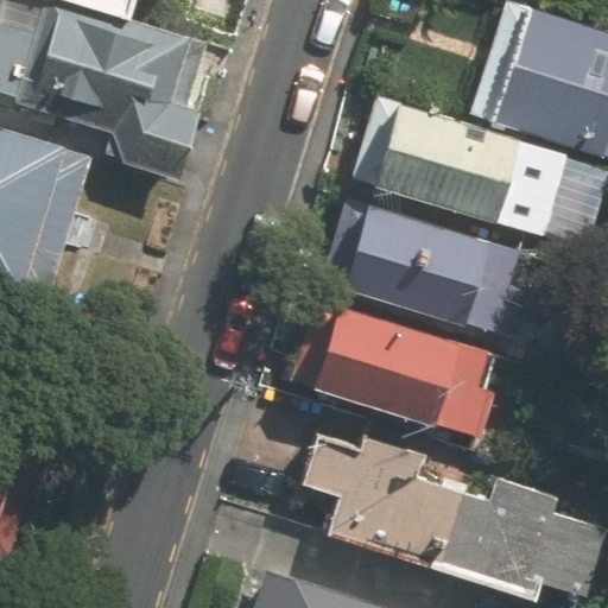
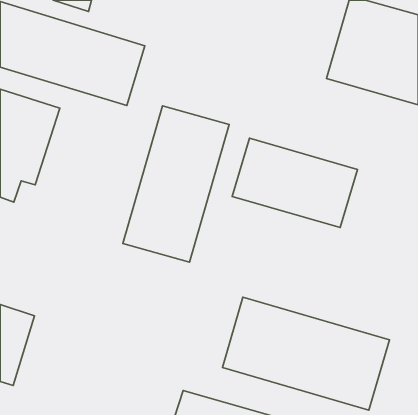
building: [366,103,568,239] -> none
building: none -> [123,106,229,262]
building: [310,305,505,439] -> none

